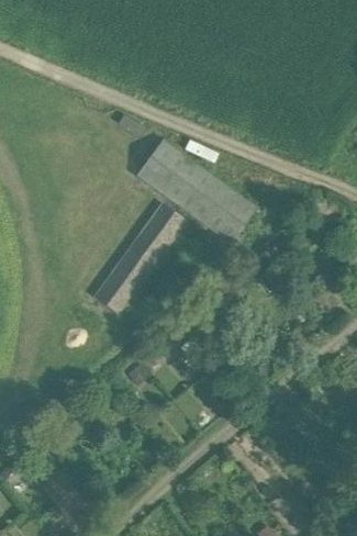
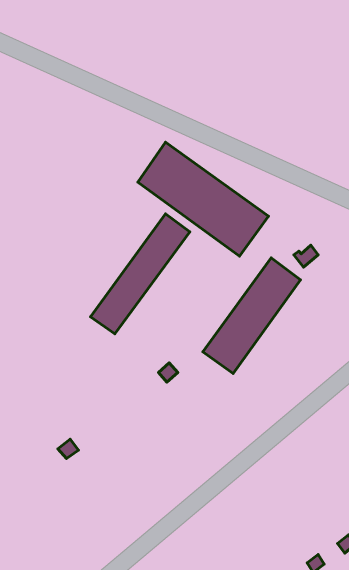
building: none -> [203,258,300,374]

